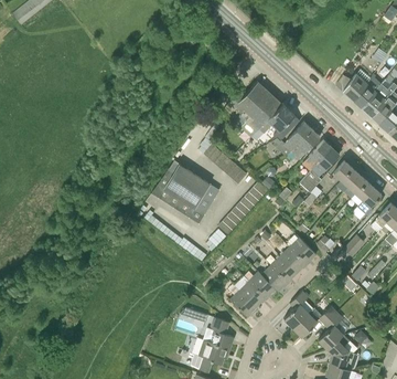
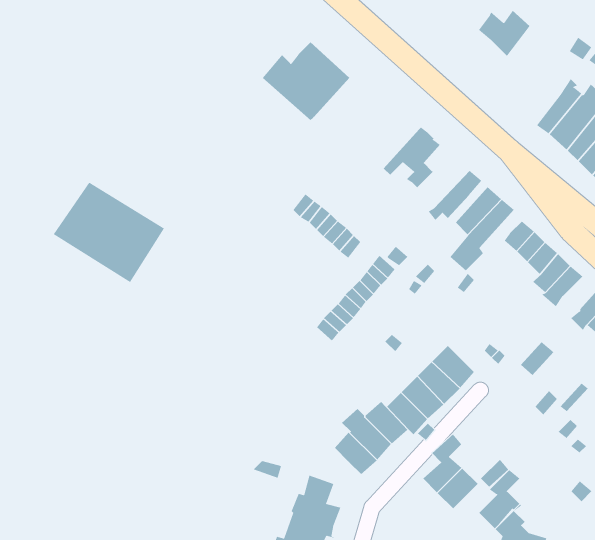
building: [335,74,367,103] -> [478,10,531,57]
building: [227,83,281,131] -> [262,42,350,121]
building: [271,123,312,156] -> none
building: [151,161,219,223] -> [53,182,165,283]

